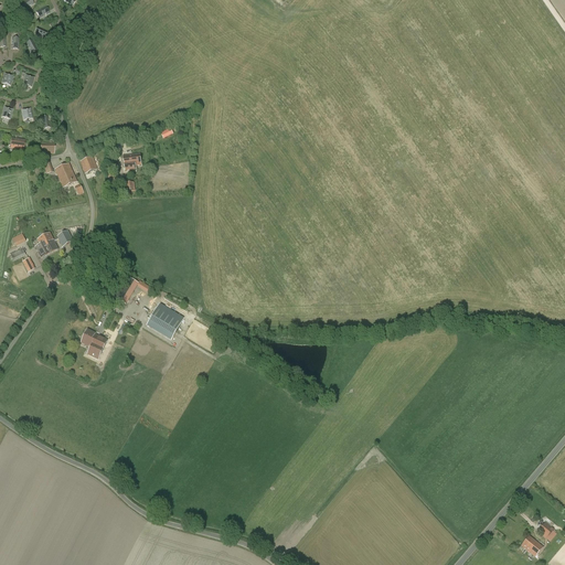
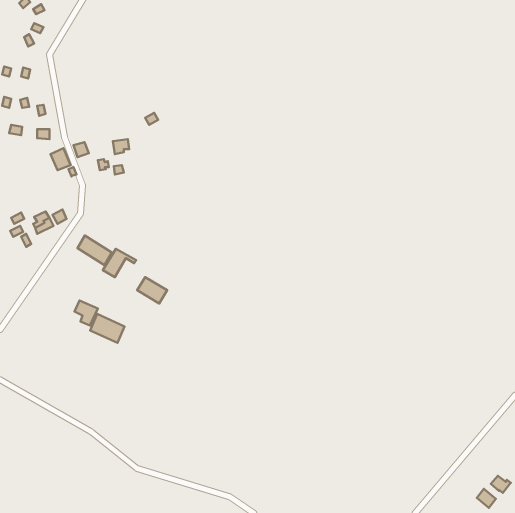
building: none -> [77,236,112,265]
building: none -> [90,314,124,343]

